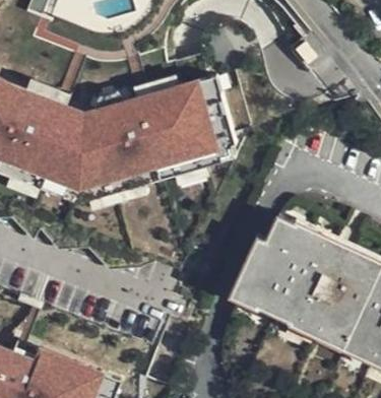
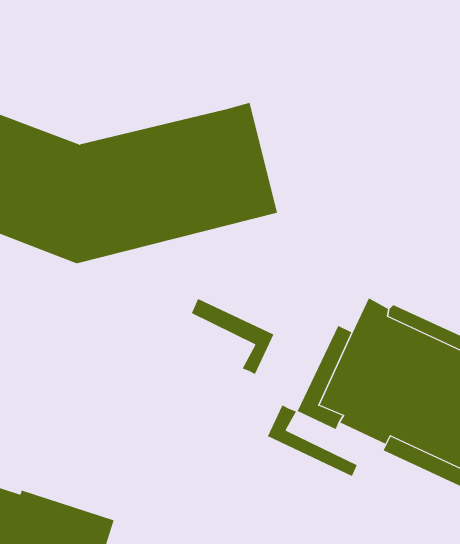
building: none -> [191,298,274,375]
building: none -> [267,404,357,477]

